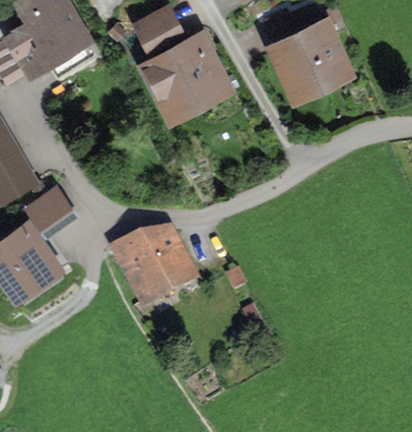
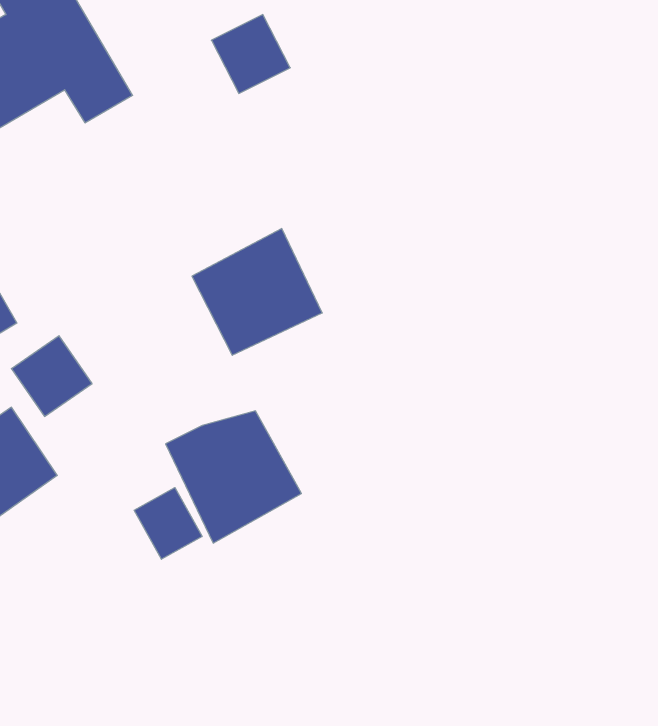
building: [277,8,343,89] -> none
building: [150,40,222,110] -> [192,229,322,355]
building: none -> [134,488,202,559]

